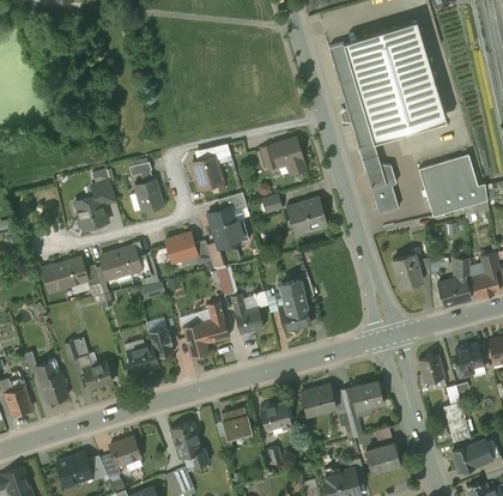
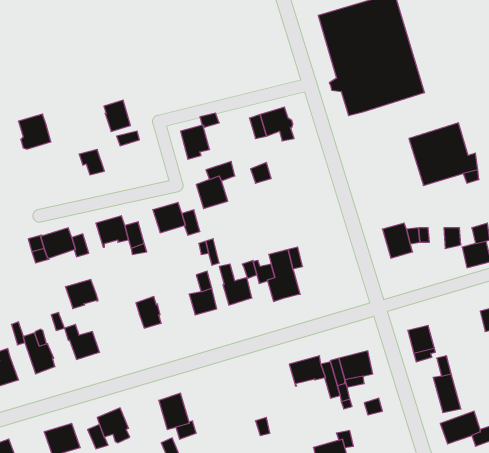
building: [359,143,399,213] -> none
building: [137,180,163,211] -> [104,100,130,132]
building: [75,194,108,229] -> [18,114,51,149]
building: [286,196,328,230] -> none
building: [437,276,472,307] -> none
building: [182,322,210,357] -> none
building: [456,343,484,374] -> none
building: [127,344,159,373] -> [65,280,98,309]
building: [260,401,291,429] -> none
building: [222,407,252,437] -> none
building: [366,443,400,472] -> none

